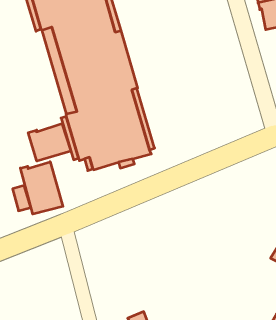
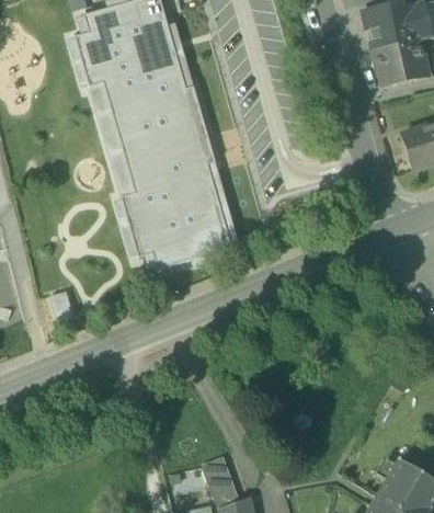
building: [28,124,71,161] -> none
building: [20,162,63,214] -> none

